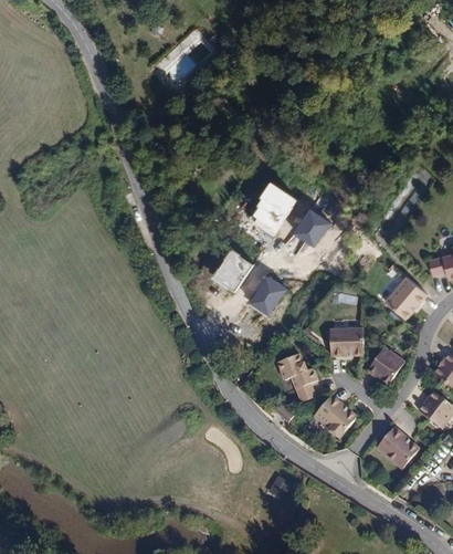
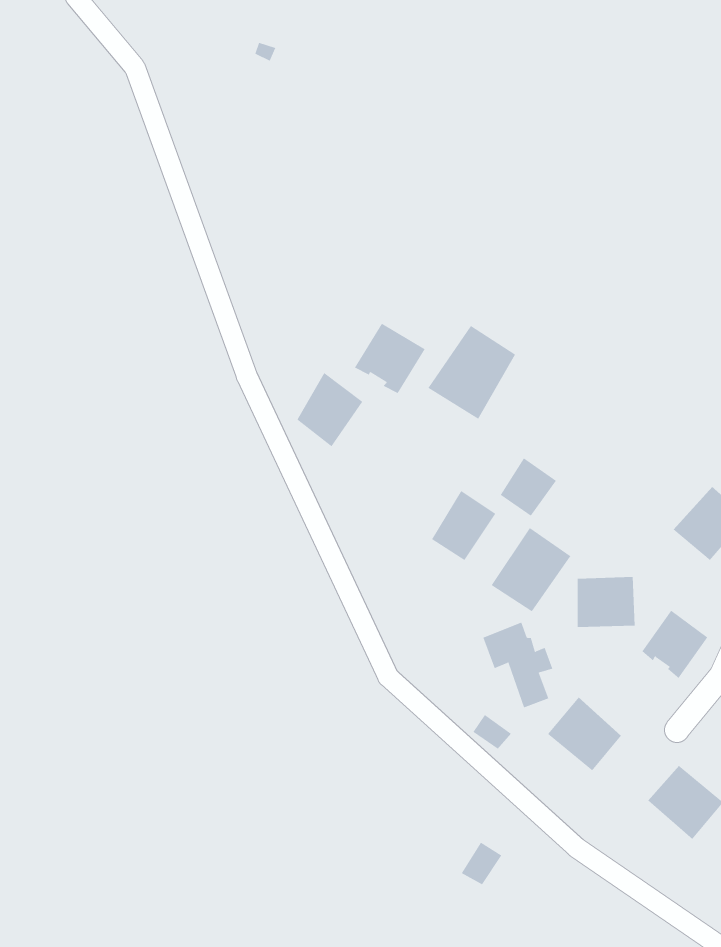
building: none -> [354,323,425,394]
building: [297,213,329,247] -> [500,457,557,516]
building: [211,250,249,292] -> [296,372,363,447]
building: none -> [491,527,571,612]

